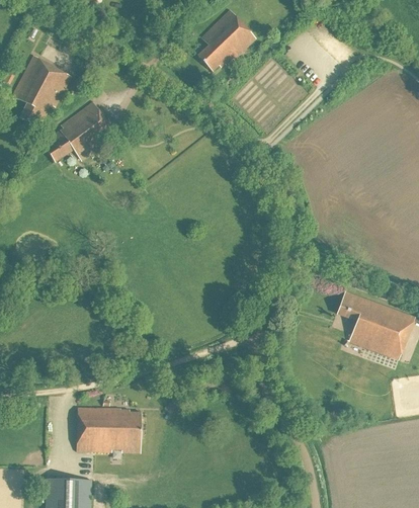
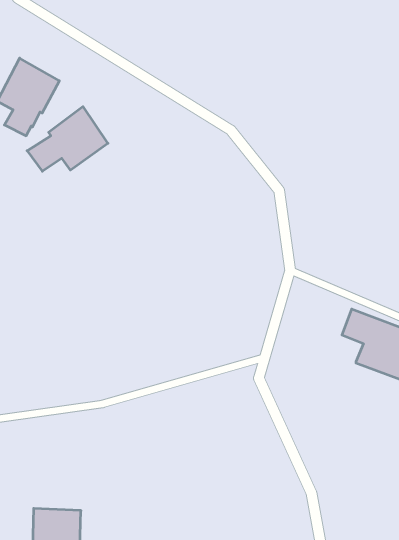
building: [198,10,255,69] -> none
building: [76,407,142,452] -> none

